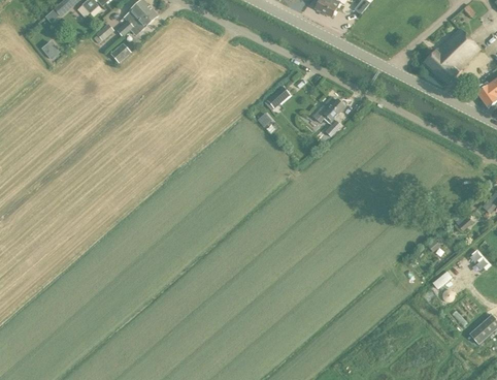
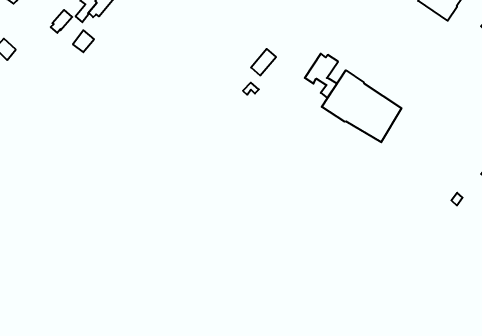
building: none -> [322,70,401,142]

